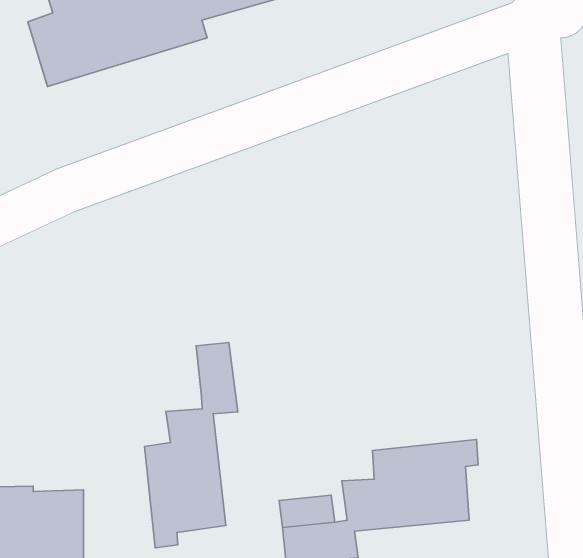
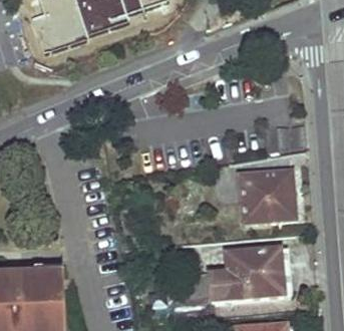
building: none -> [241,171,294,220]
building: [145,342,238,548] -> none

